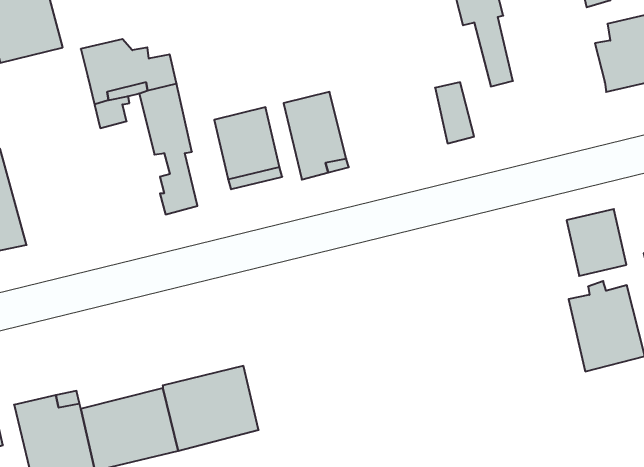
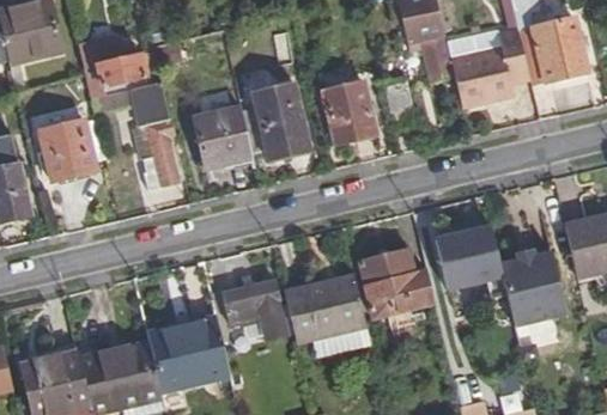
building: none -> [453,30,530,106]
building: none -> [323,83,376,146]
building: none -> [40,122,96,182]
building: [567,209,626,276] -> [437,231,488,288]
building: none -> [358,244,435,317]
building: none -> [285,275,366,343]
building: none -> [225,283,287,342]

